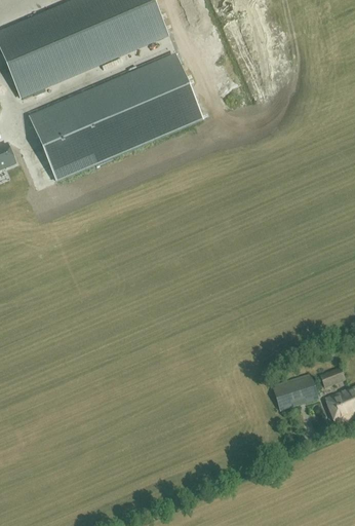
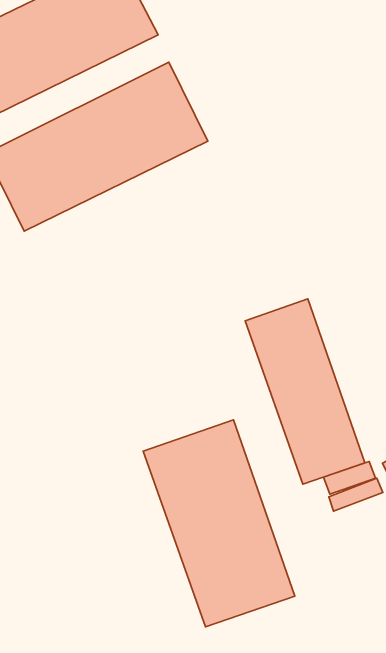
building: none -> [245,299,365,484]
building: none -> [143,420,295,627]

